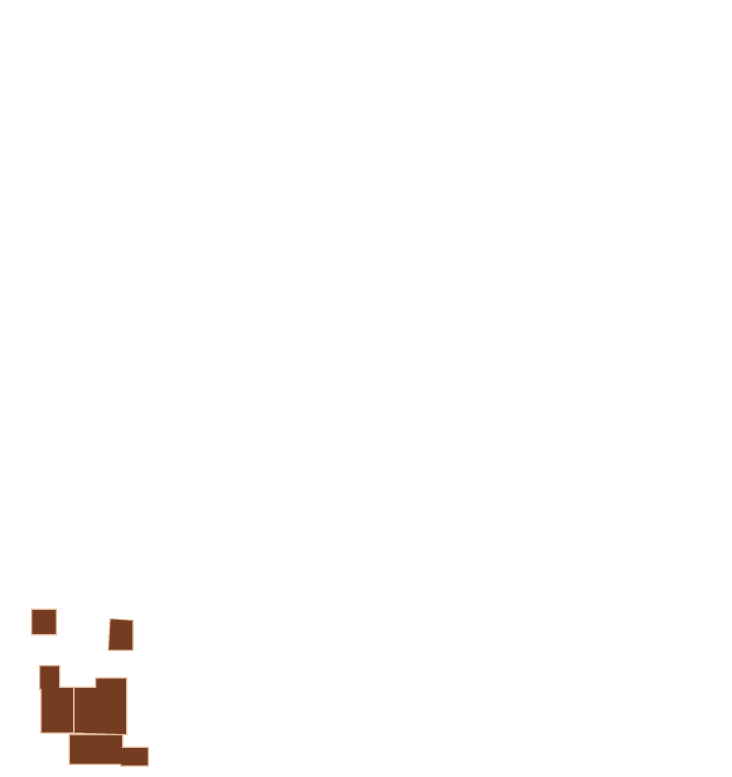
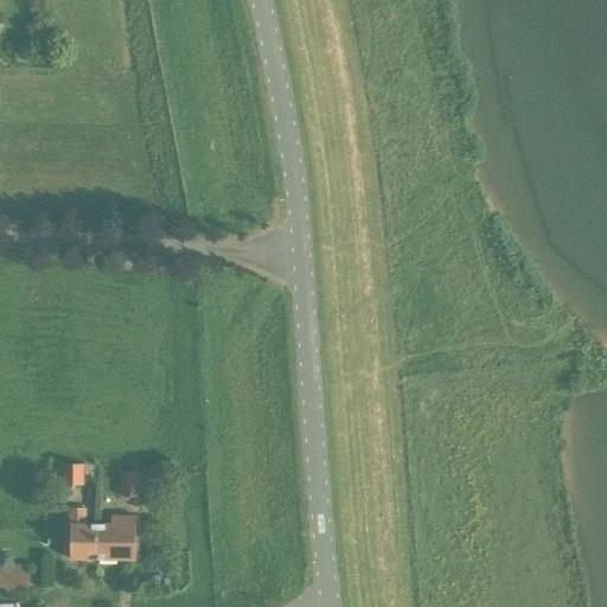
building: [70,734,148,766] -> none

